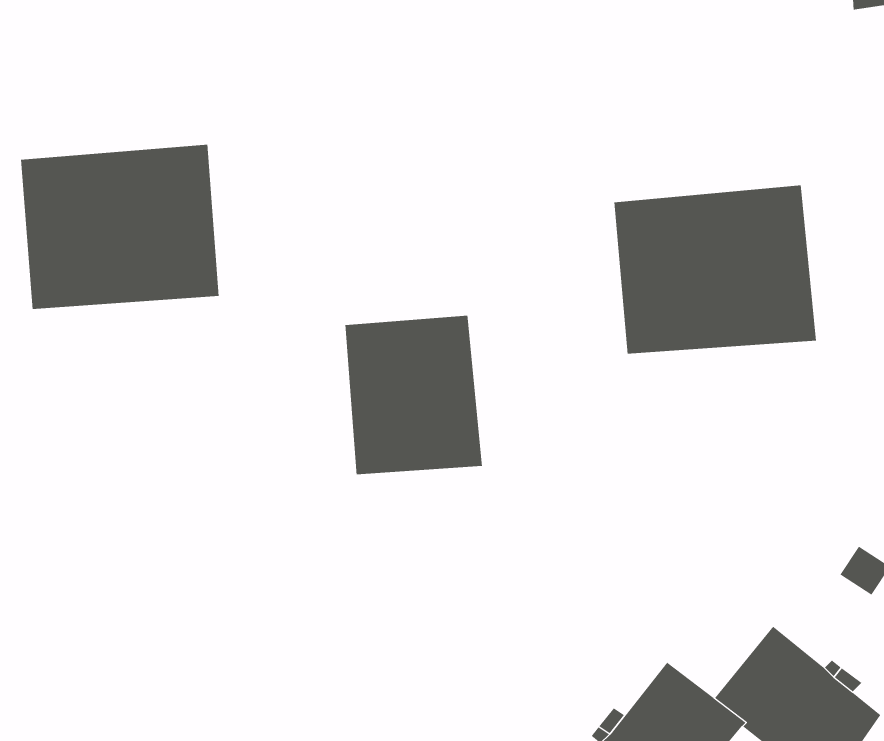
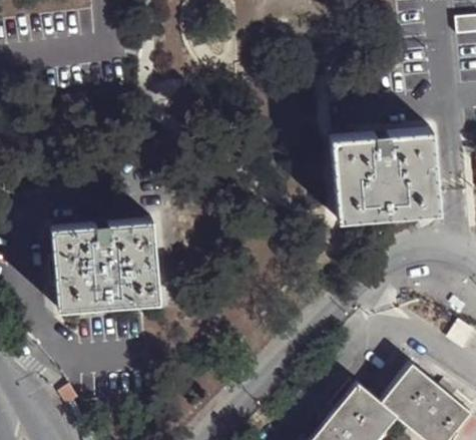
building: [20,144,220,309] -> [51,223,156,310]
building: [345,315,482,475] -> none

